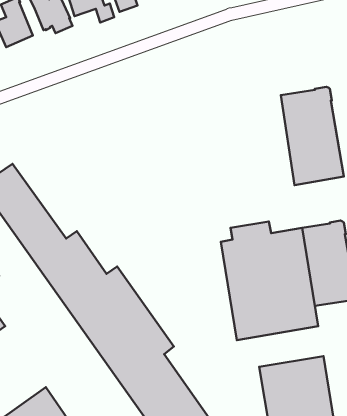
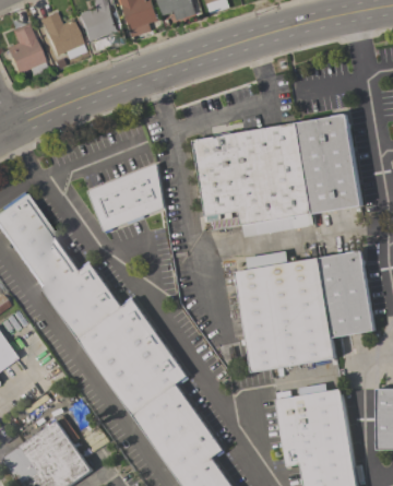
building: none -> [193,122,314,237]
building: none -> [88,164,164,234]

